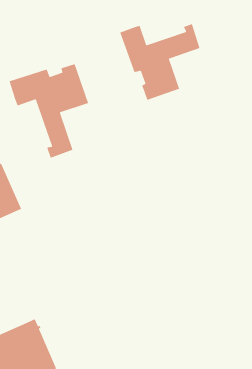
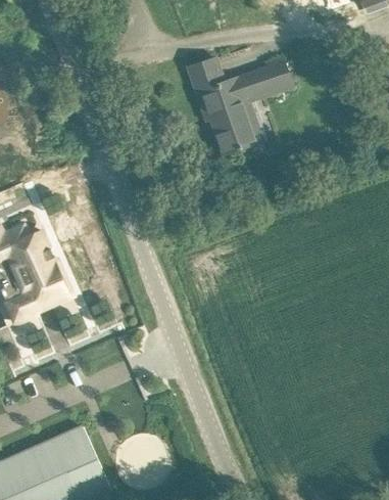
building: [8,63,89,159] -> none

